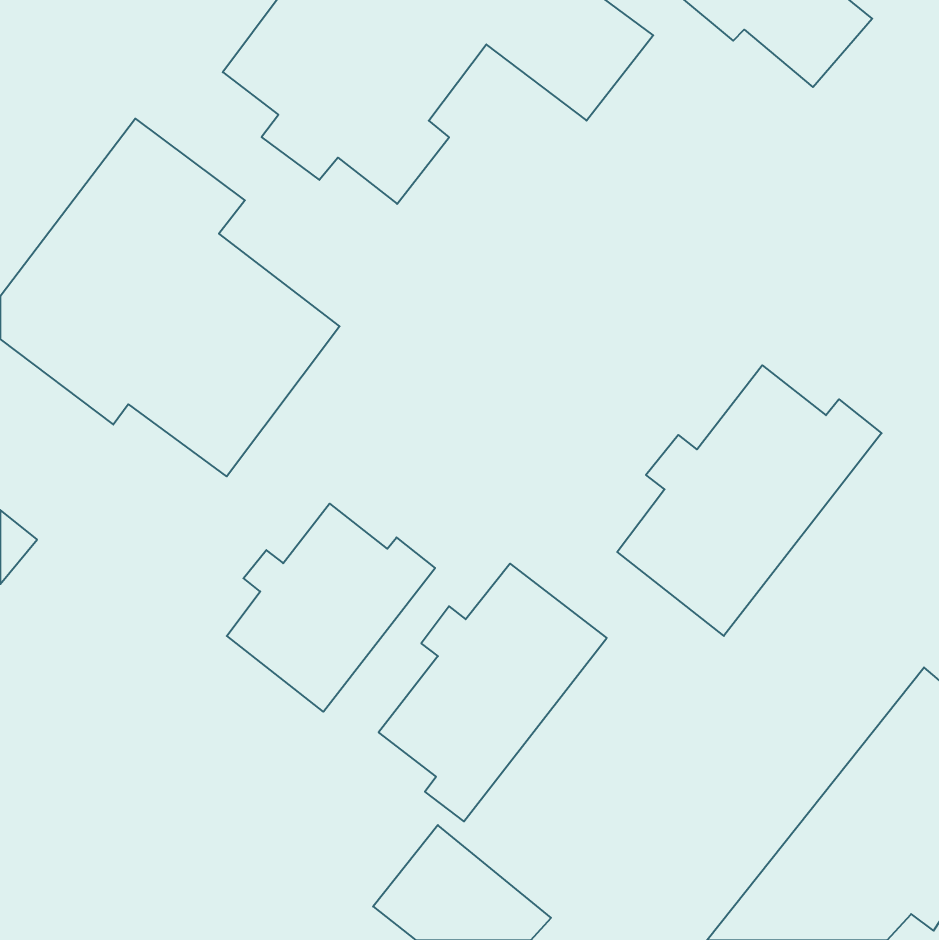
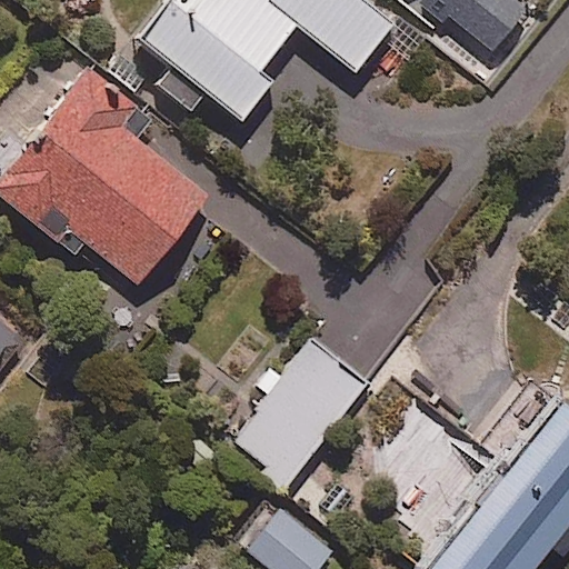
building: [617,365,882,636] -> none
building: [227,504,435,712] -> none

